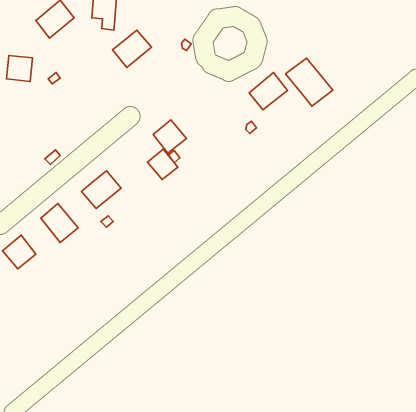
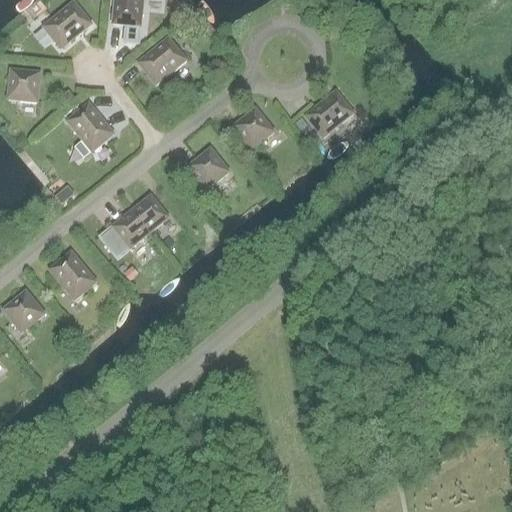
building: [286,58,333,106] -> none
building: none -> [68,102,114,150]
building: none -> [233,107,274,148]
building: [148,149,178,179] -> [131,194,168,231]

